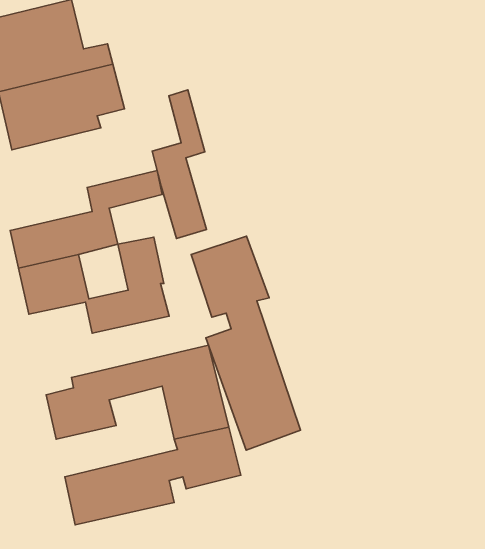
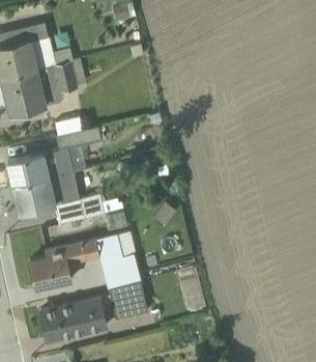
building: [152,90,207,239] -> none
building: [191,236,301,450] -> none

